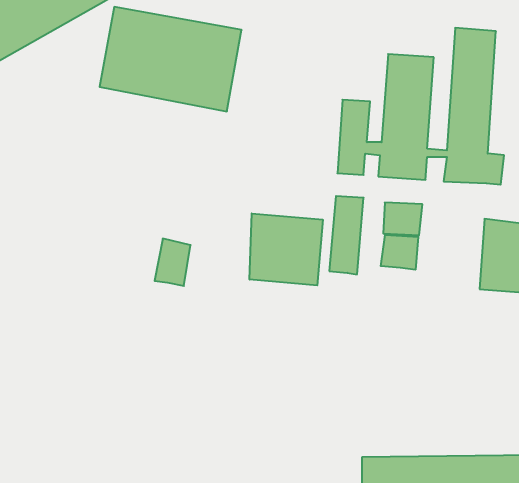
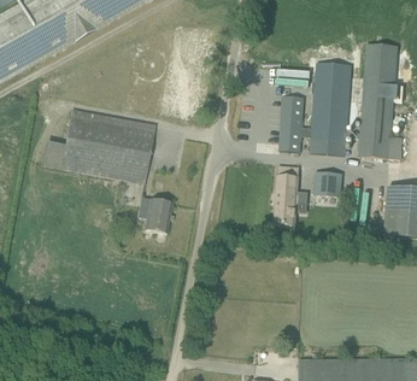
building: [100,7,242,111] -> [49,106,154,183]
building: [250,213,323,285] -> none
building: [381,235,418,270] -> none

